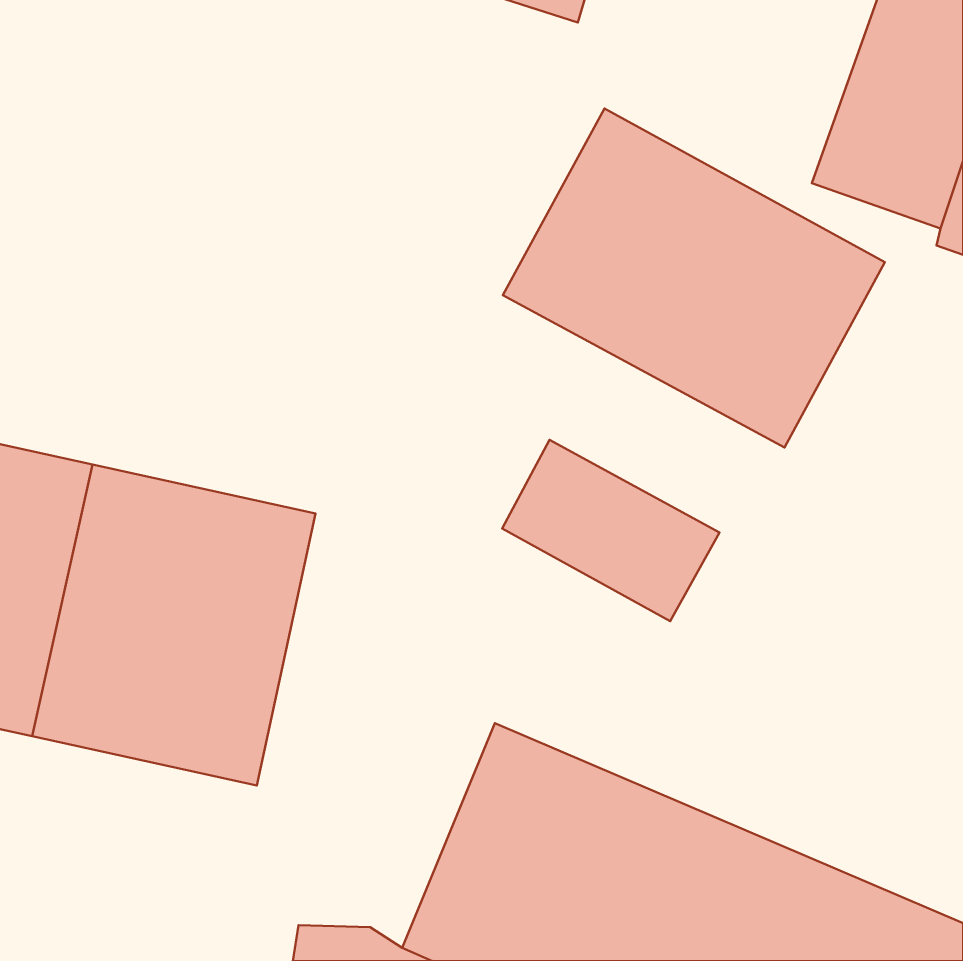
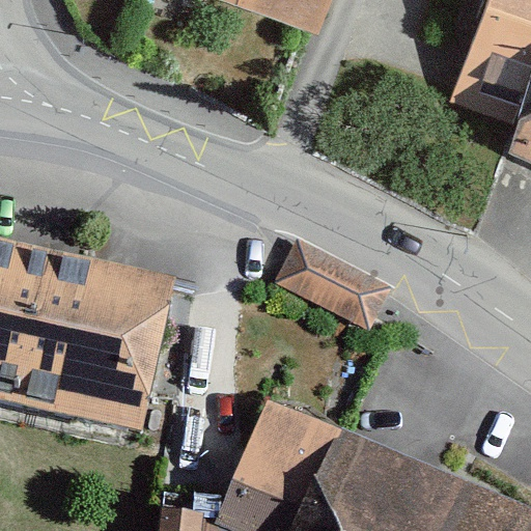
building: [503,108,885,448] -> none

